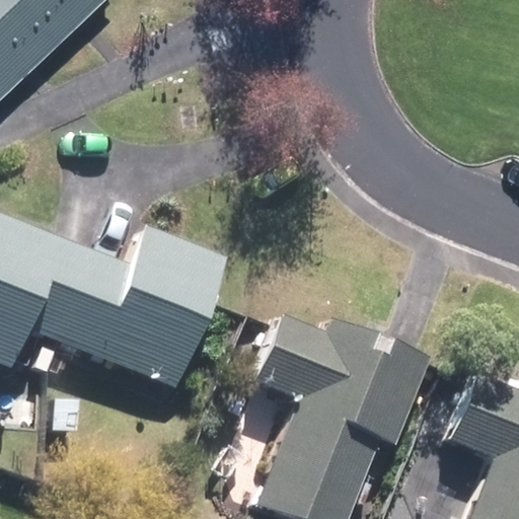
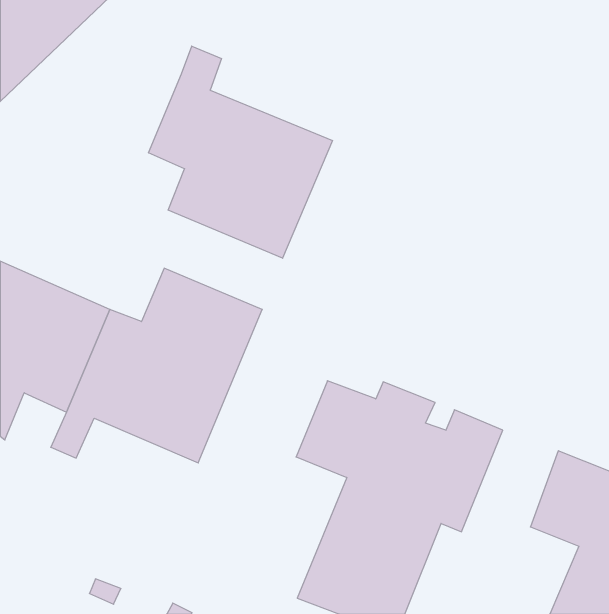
building: none -> [149,46,332,258]

